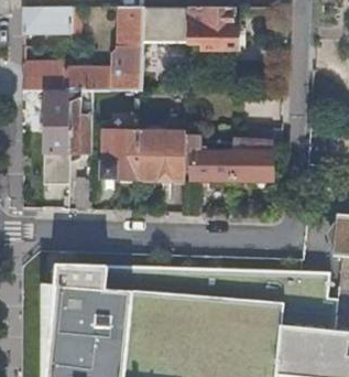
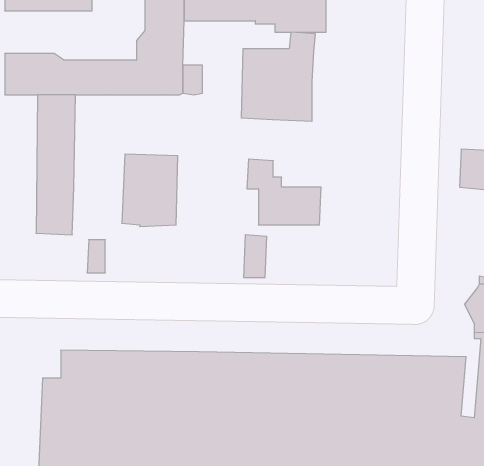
building: [69,91,92,153] -> none
building: [138,121,187,181] -> [241,32,315,121]
building: [233,137,271,180] -> none

